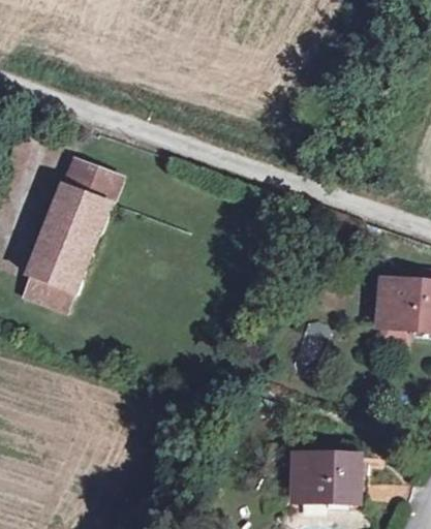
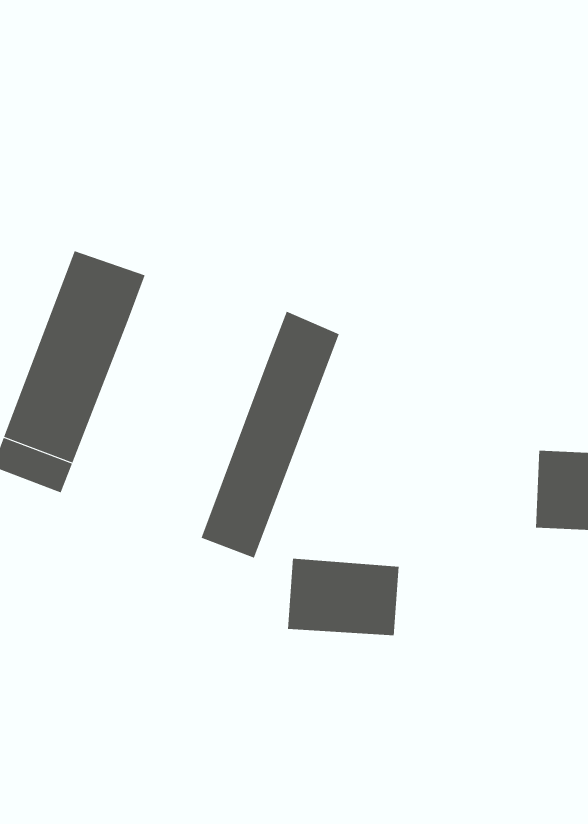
building: none -> [201,311,340,559]
building: [278,449,348,498] -> [287,558,399,636]

